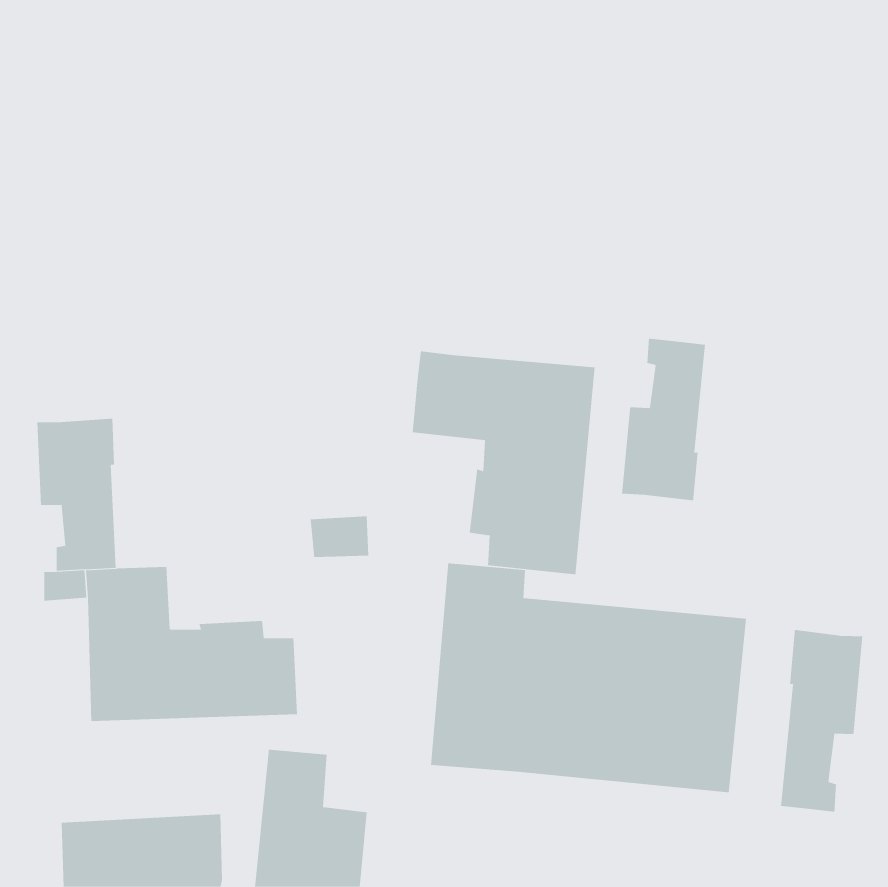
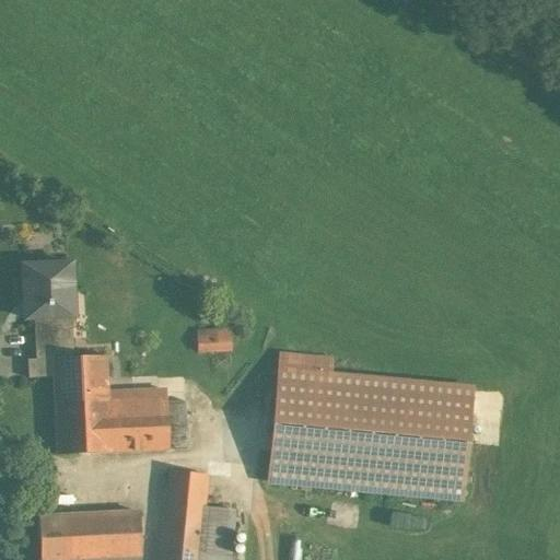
building: [622,338,706,501] -> none
building: [412,351,595,575] -> none
building: [780,629,863,813] -> none

